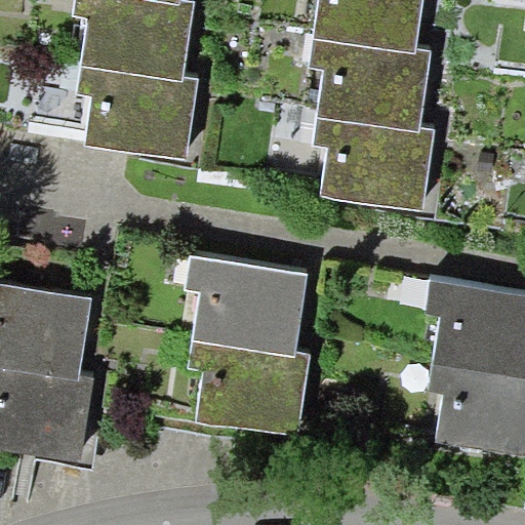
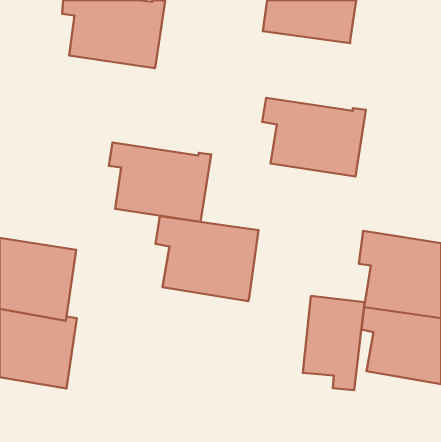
building: [308,37,430,131] -> none
building: [78,66,199,160] -> [109,142,211,222]
building: [188,340,310,435] -> none
building: none -> [303,296,365,390]

